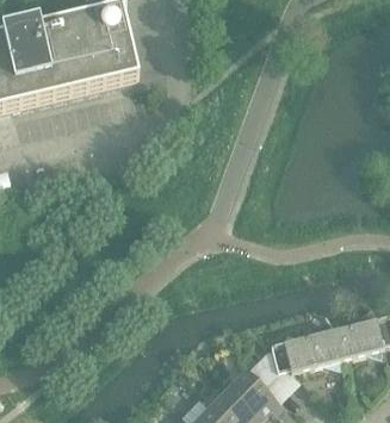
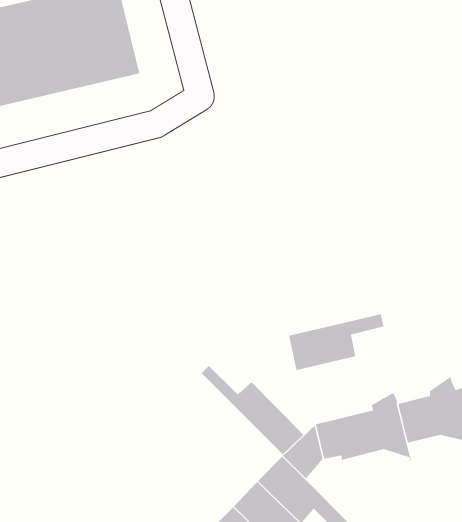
building: none -> [288,313,384,371]
building: none -> [201,365,304,455]

